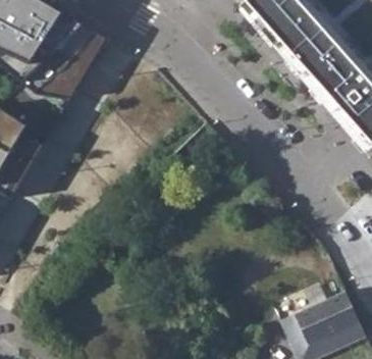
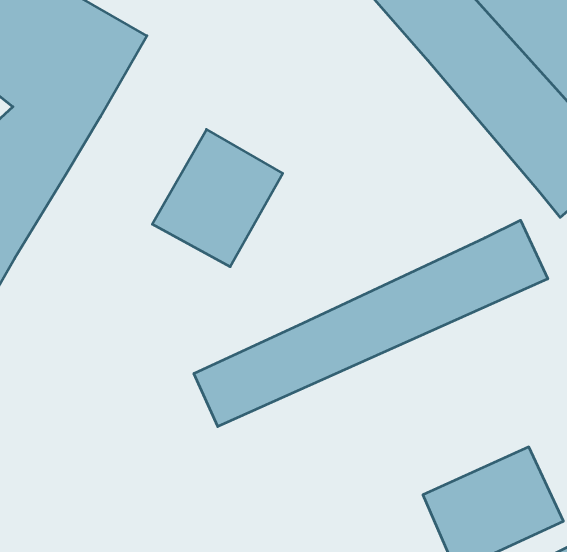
building: none -> [152,129,283,267]
building: none -> [194,220,548,427]

